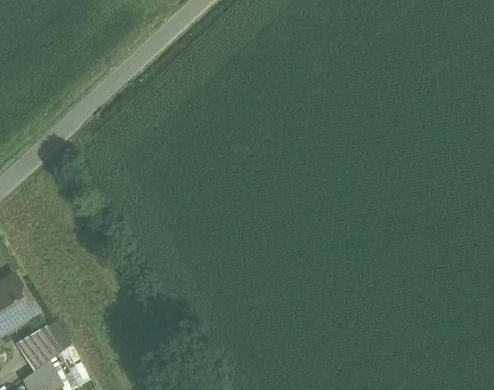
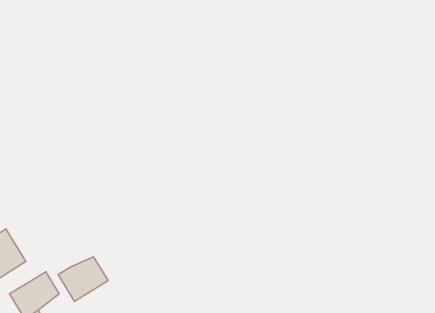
building: none -> [58,257,108,301]

